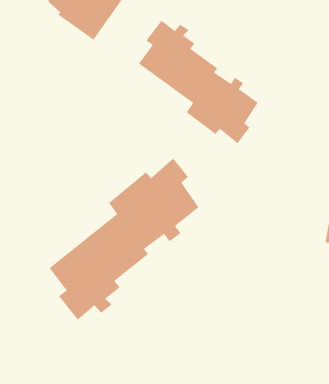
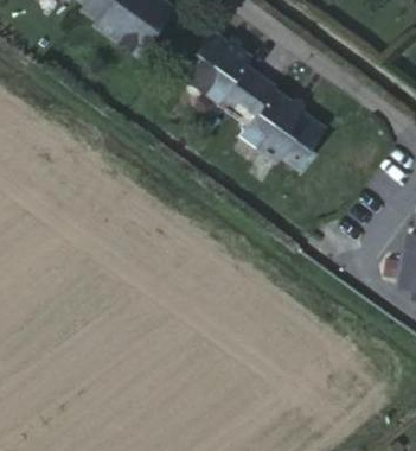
building: [49,158,199,320] -> none

